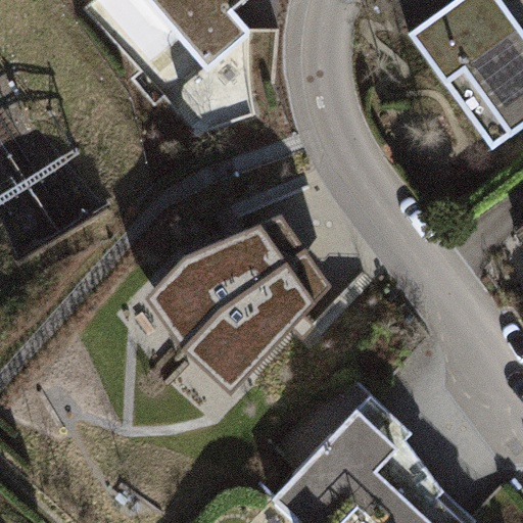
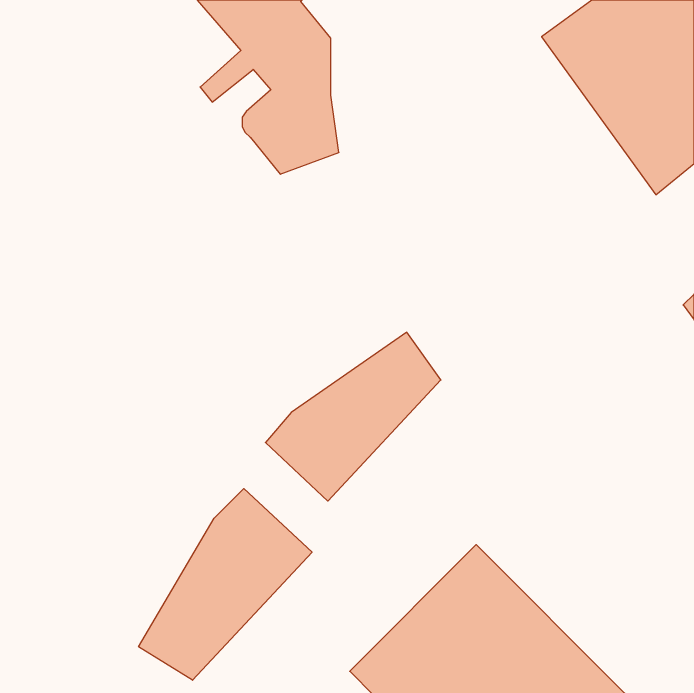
building: [161,210,305,334] -> none
building: none -> [139,489,312,680]

